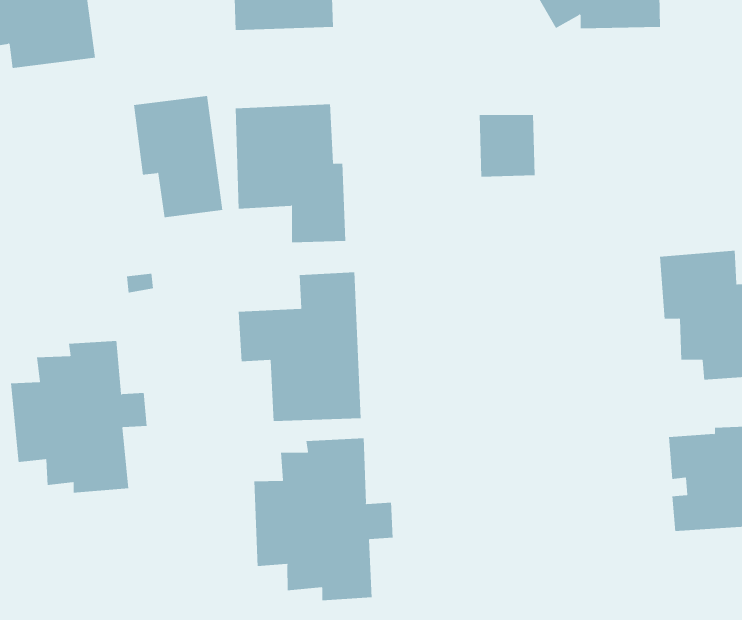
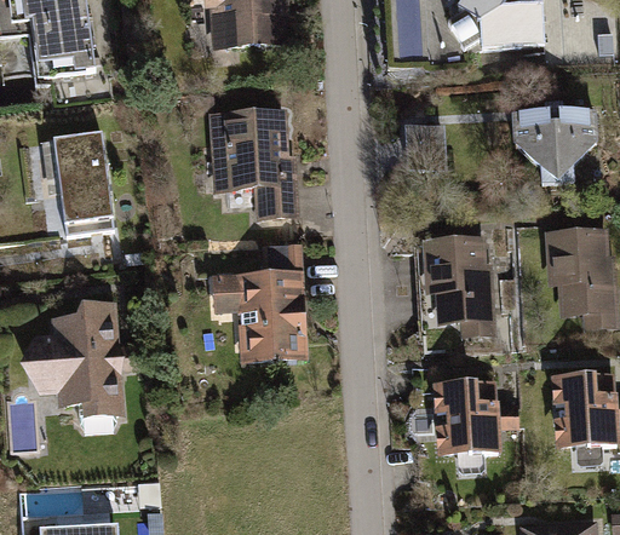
building: none -> [507,100,599,184]
building: [133,96,223,218] -> [39,131,110,228]
building: none -> [421,237,493,339]
building: [254,437,393,601] -> none
building: none -> [435,378,516,453]

